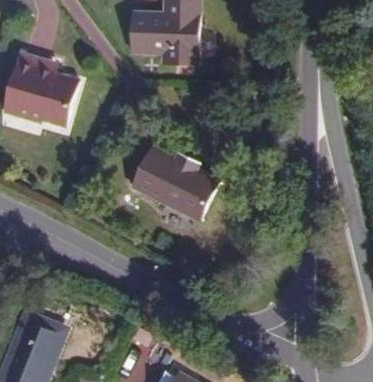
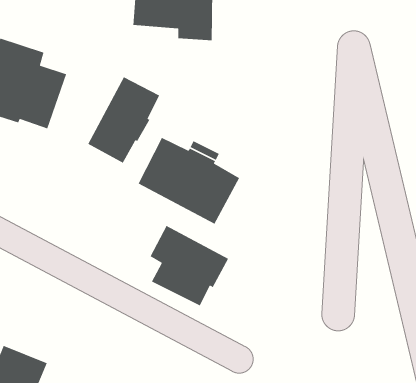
building: none -> [87,76,160,164]
building: none -> [150,225,229,307]

